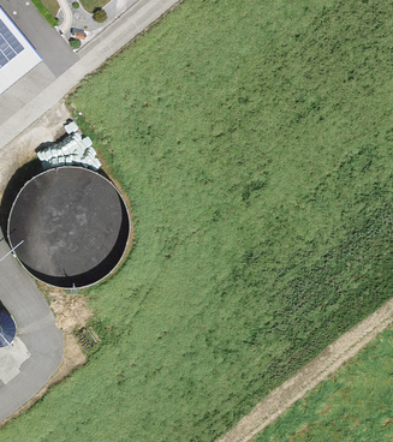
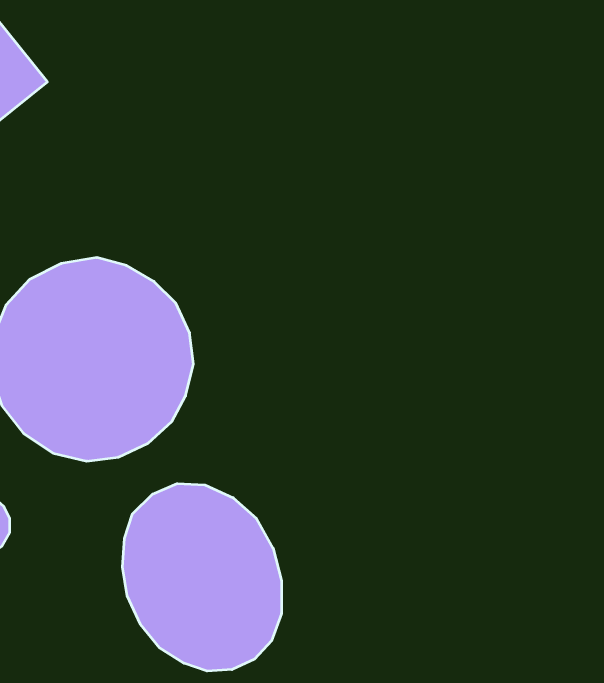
building: none -> [122,484,282,671]

